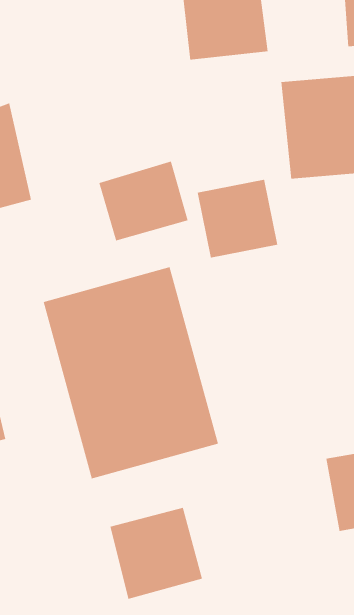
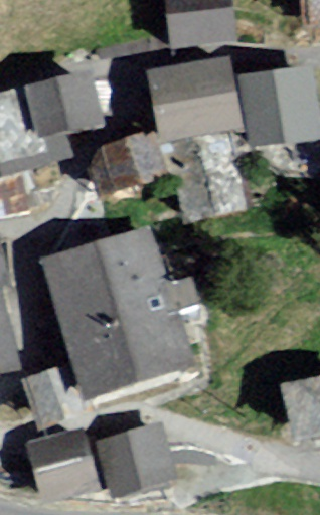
building: none -> [147,62,236,151]
building: none -> [24,79,100,150]
building: none -> [24,422,102,498]

